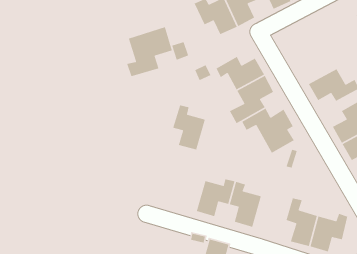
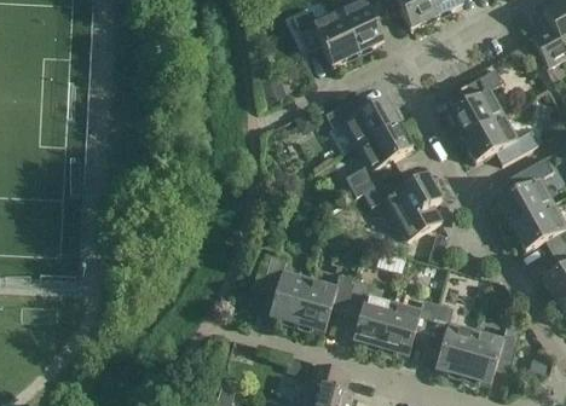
building: [126,26,173,77] -> none
building: none -> [446,68,503,137]
building: [172,104,206,150] -> [260,256,310,324]
building: none -> [380,298,438,355]

